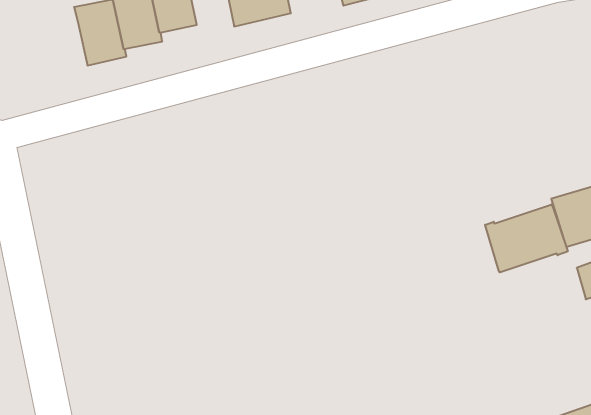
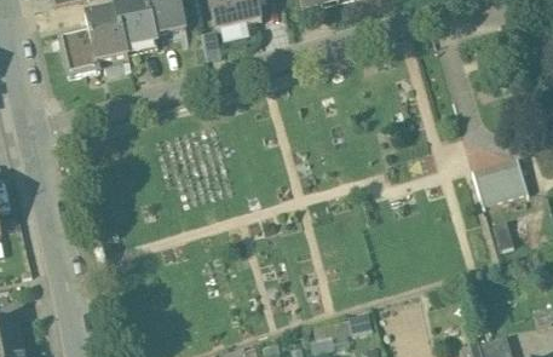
building: none -> [59,25,97,71]
building: [485,204,568,272] -> none

